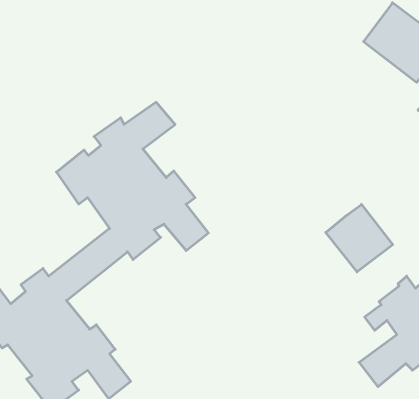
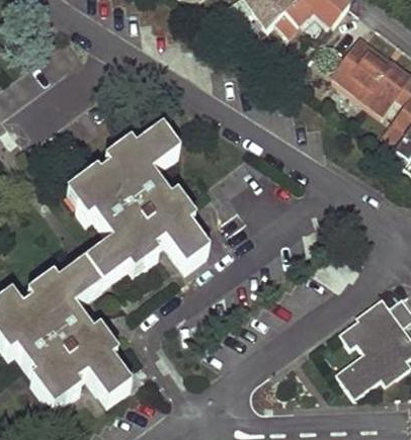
building: [326,204,393,272] -> none

